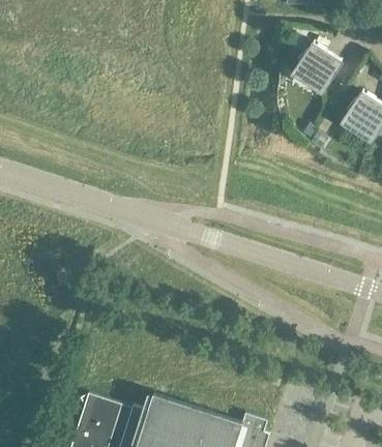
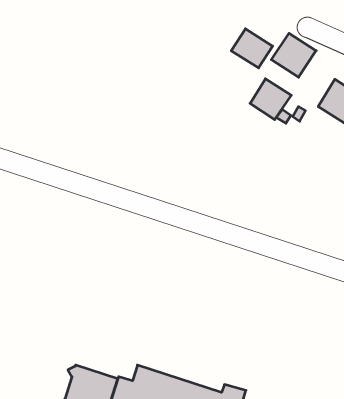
building: none -> [231,29,273,68]
building: none -> [250,79,291,120]

